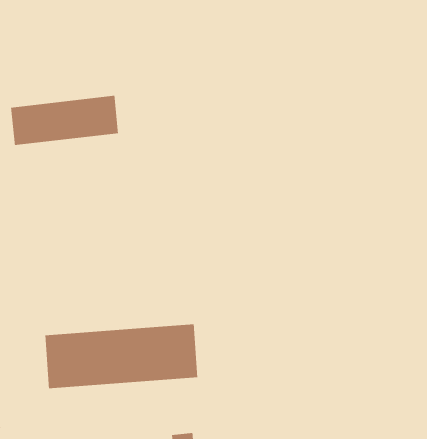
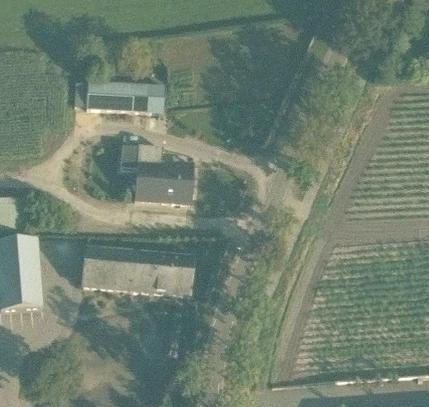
building: none -> [119,145,193,203]

